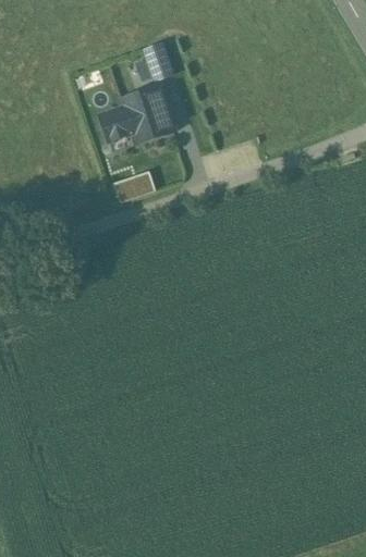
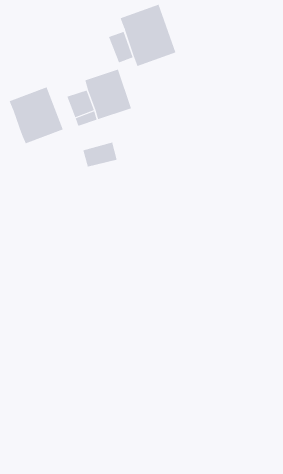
building: none -> [120,4,176,67]
building: none -> [9,87,63,144]

